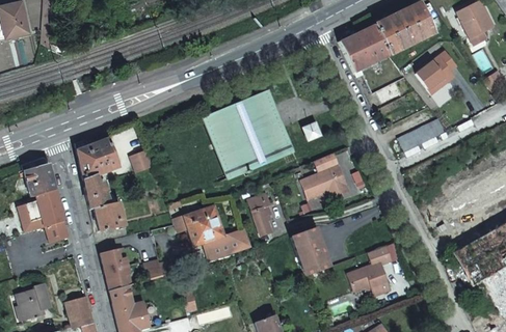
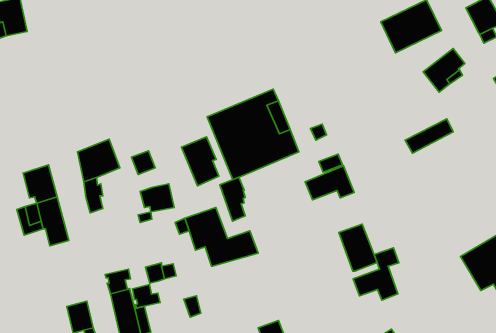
building: [339,24,389,72] -> none
building: none -> [182,137,219,186]
building: [247,193,272,236] -> [220,177,245,221]
building: [90,202,124,229] -> [140,184,174,212]
building: [292,227,329,273] -> [339,224,377,271]
building: [101,247,128,270] -> [132,285,160,308]
building: [18,284,52,320] -> none

